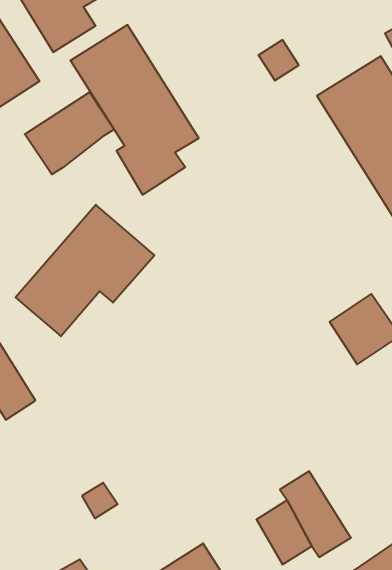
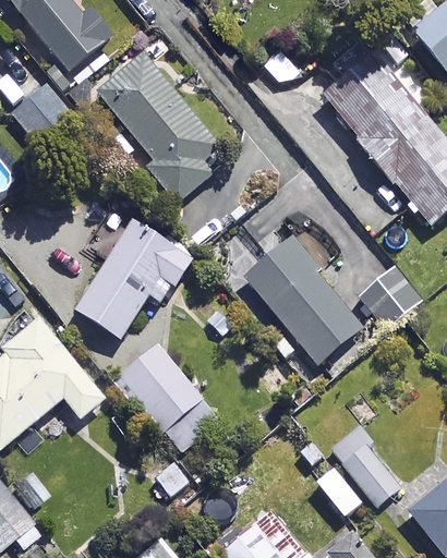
building: [25,92,114,174] -> none
building: none -> [244,236,362,362]
building: none -> [117,345,220,451]

